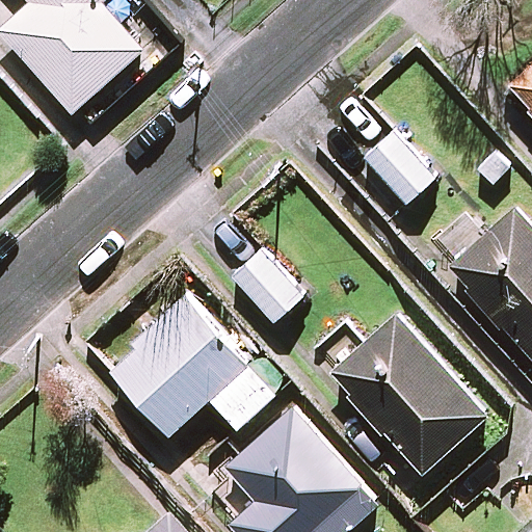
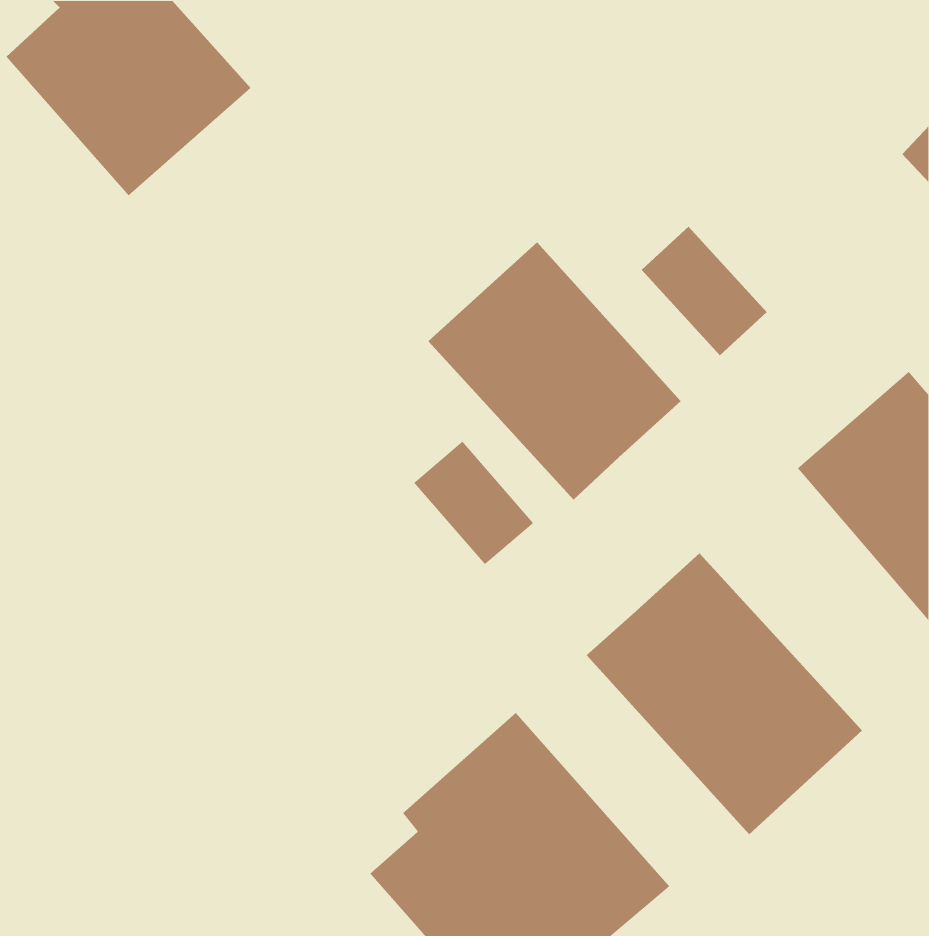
building: none -> [427,242,682,501]
building: [109,296,276,433] -> none

